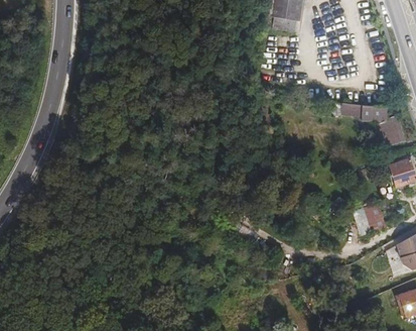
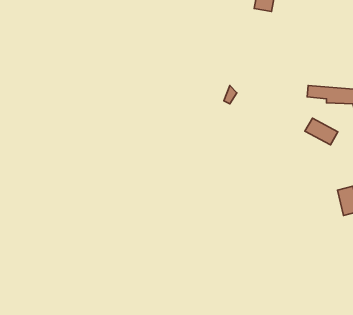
building: none -> [305,118,338,145]

